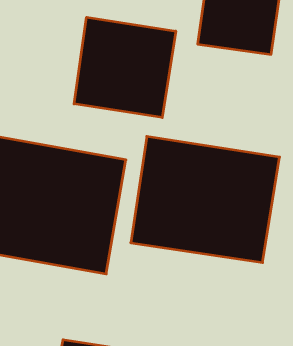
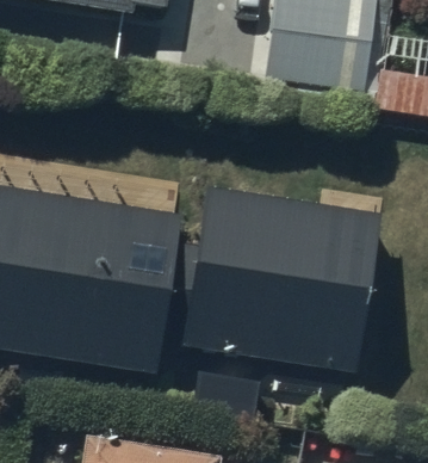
building: [74,17,176,118] -> none

